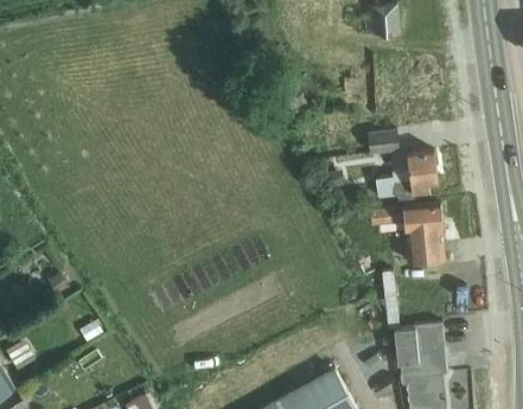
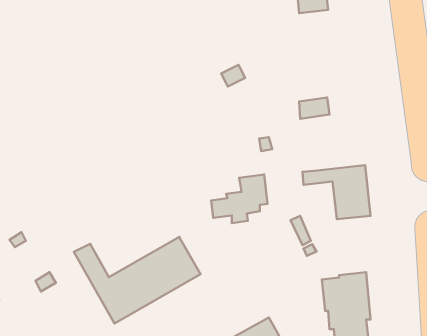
building: [376,151,438,204] -> [211,175,267,223]
building: none -> [74,237,200,324]

